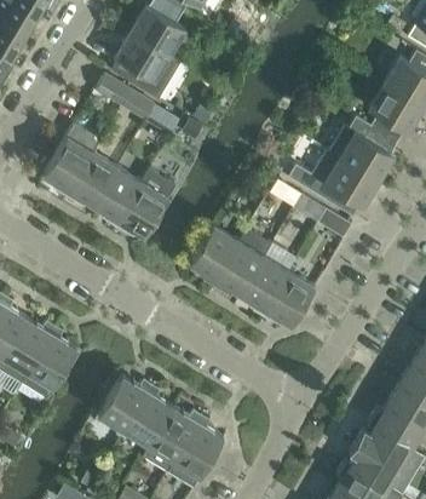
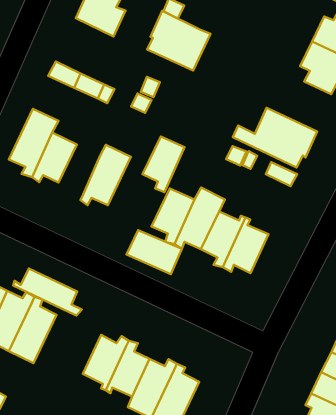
building: [111,30,182,98] -> [147,11,210,70]
building: [330,116,399,180] -> none
building: [94,167,143,228] -> [142,136,184,192]
building: none -> [127,230,182,274]
building: none -> [13,269,82,316]

